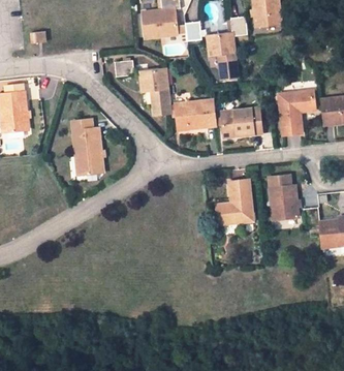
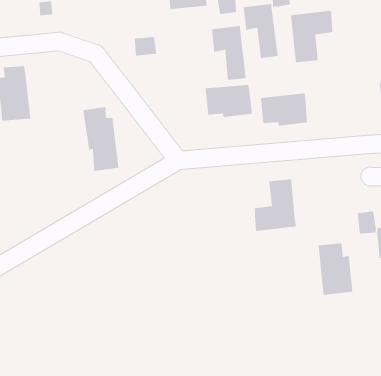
building: [139,68,169,115] -> [211,25,247,81]
building: [278,90,314,134] -> [290,10,333,63]
building: [268,175,298,219] -> [318,243,353,296]

